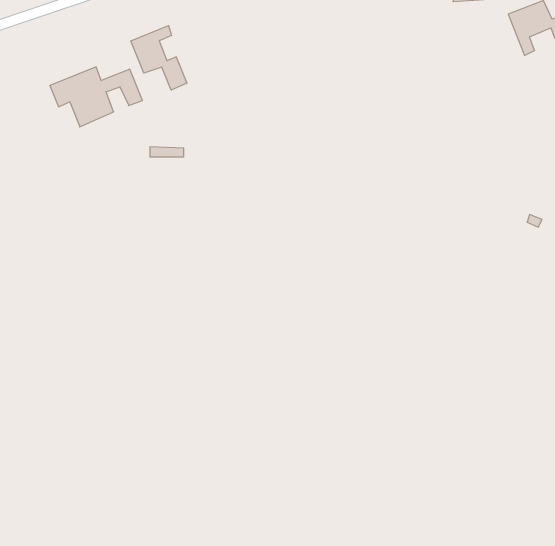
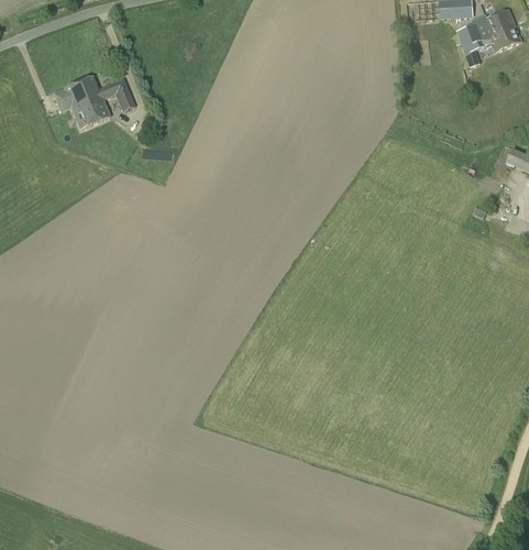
building: [131,26,187,90] -> none

